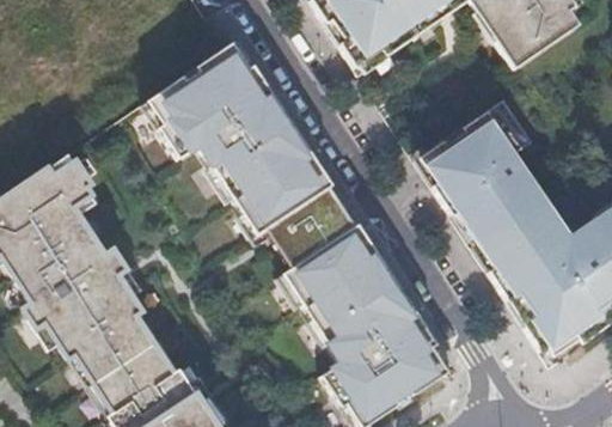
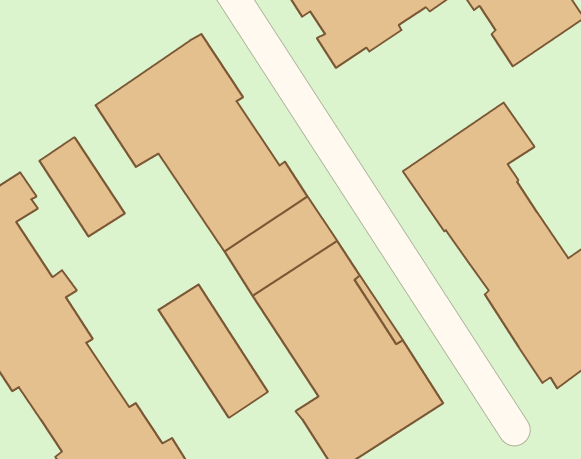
building: none -> [39,137,125,237]
building: none -> [158,284,268,418]

